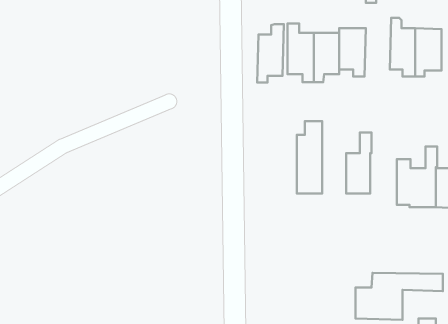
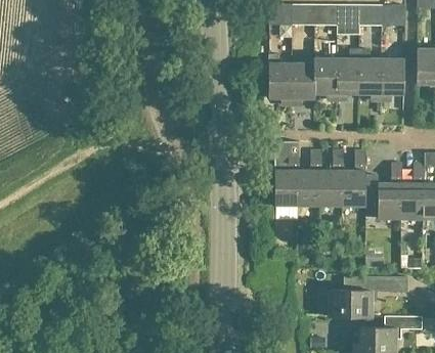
building: [257,24,284,83] -> [338,49,361,101]
building: none -> [300,151,321,206]
building: none -> [343,151,366,206]

